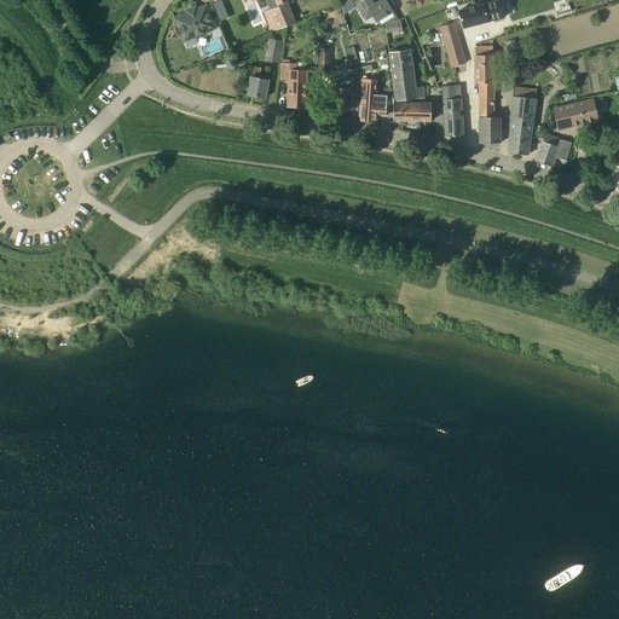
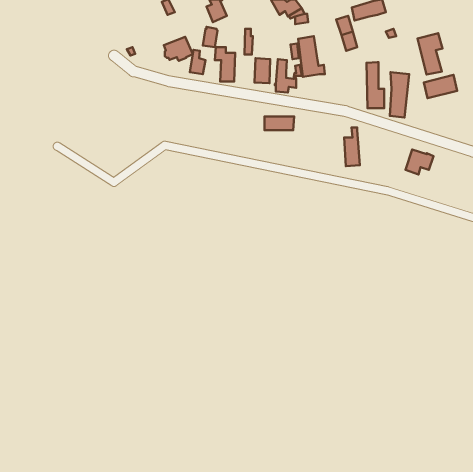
building: [178,5,215,36] -> [164,37,193,61]
building: none -> [418,33,443,75]
building: [476,45,493,82] -> none
building: [444,85,464,135] -> [344,127,360,166]
building: [393,102,432,120] -> [264,116,294,130]
building: [536,133,572,166] -> [406,150,433,175]

